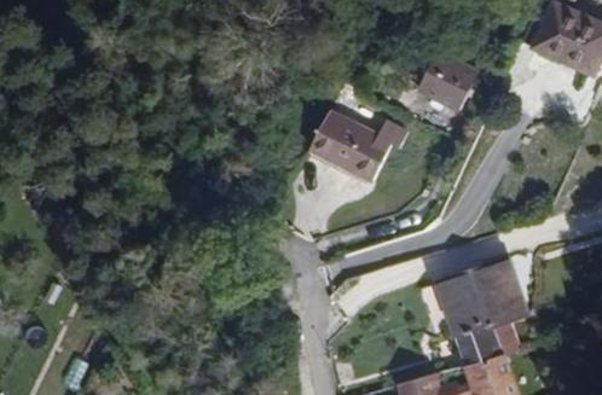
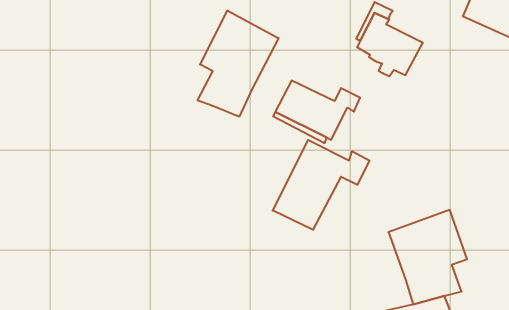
building: none -> [198,11,279,117]
building: none -> [273,140,369,230]

